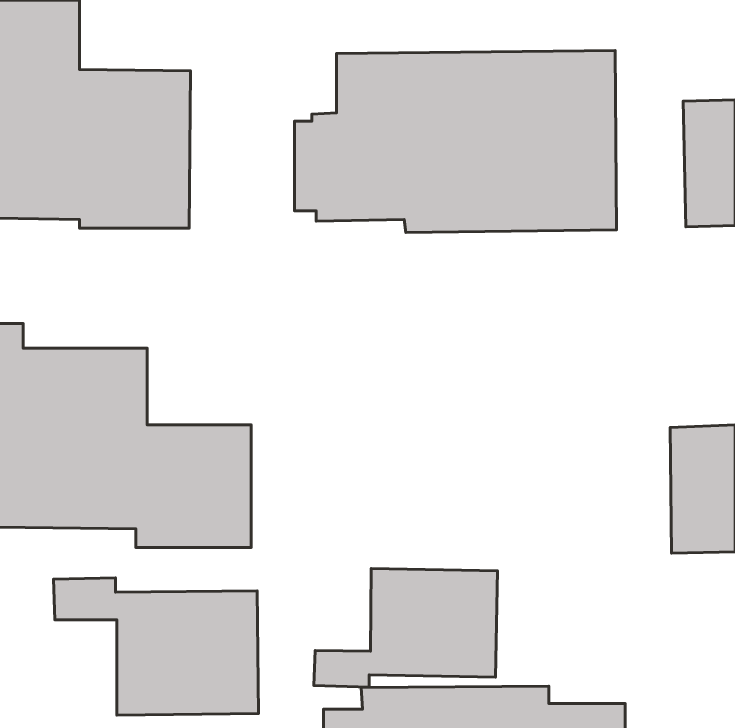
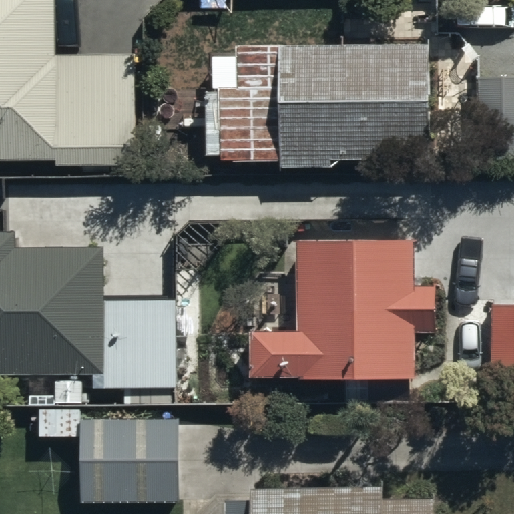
building: none -> [249,237,434,376]
building: [314,569,497,687] -> none

